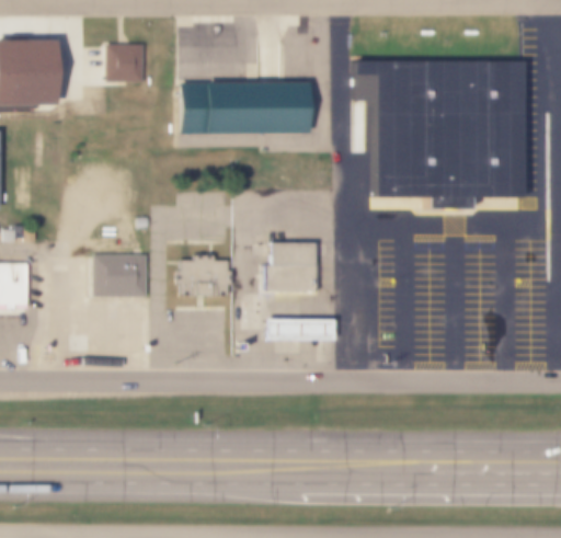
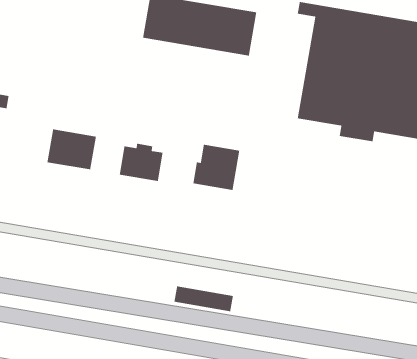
building: [266,320,334,340] -> [174,286,234,312]

